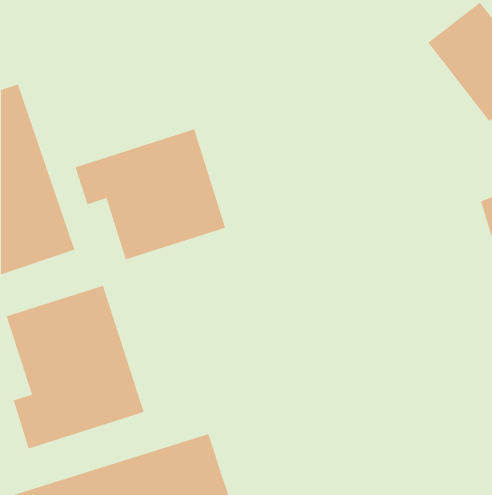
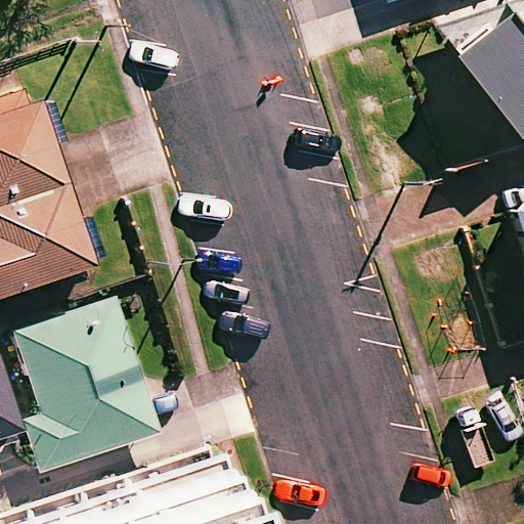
building: [75,128,226,260] -> none

